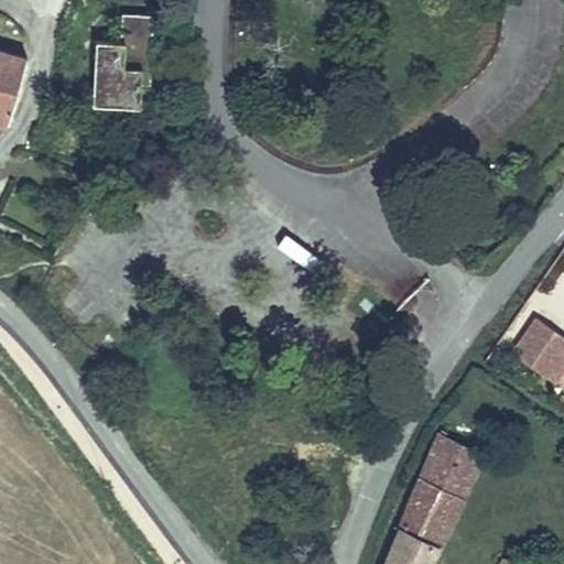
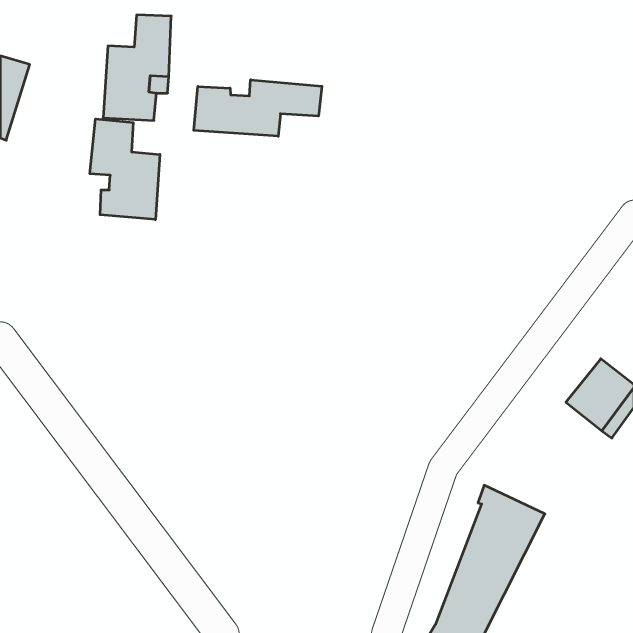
building: none -> [194,80,322,136]
building: none -> [90,119,160,220]

